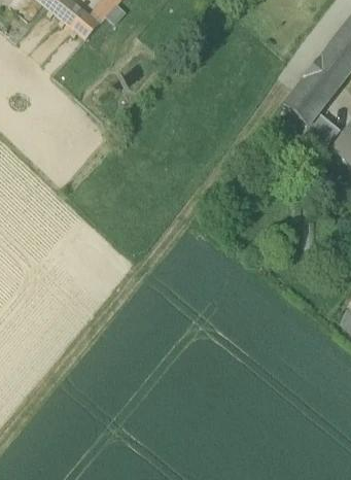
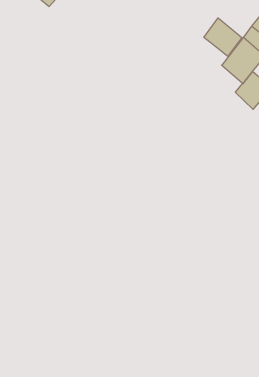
building: none -> [204,18,242,57]

